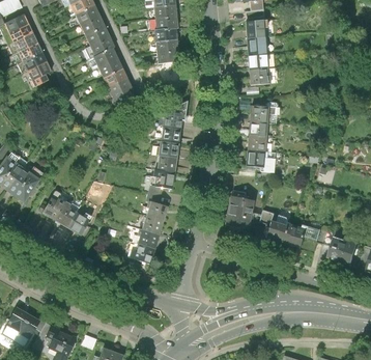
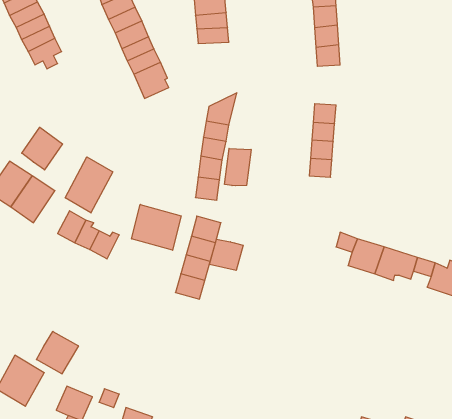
building: none -> [22,127,63,170]
building: none -> [225,148,251,186]
building: none -> [65,157,113,213]
building: none -> [132,204,181,250]
building: [232,196,260,226] -> none
building: none -> [210,239,243,270]
building: none -> [36,331,78,374]

